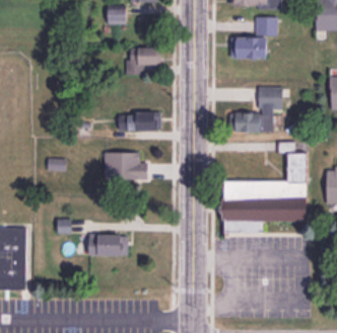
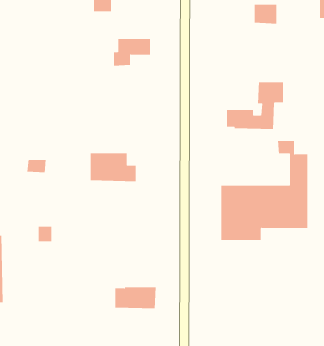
building: [230,38,267,59] -> none
building: [118,112,160,131] -> none
building: [89,236,128,256] -> [114,287,156,309]

